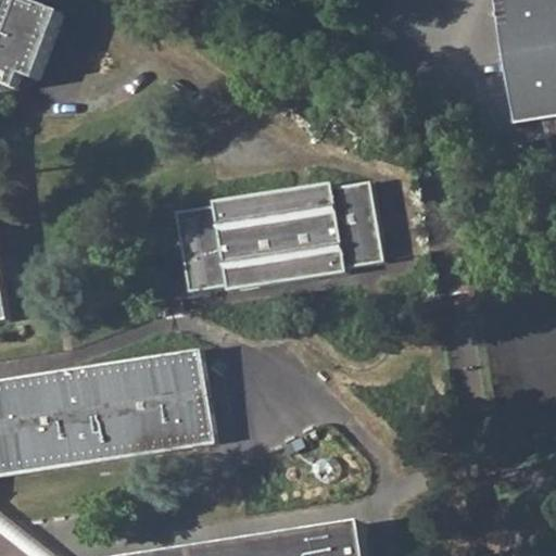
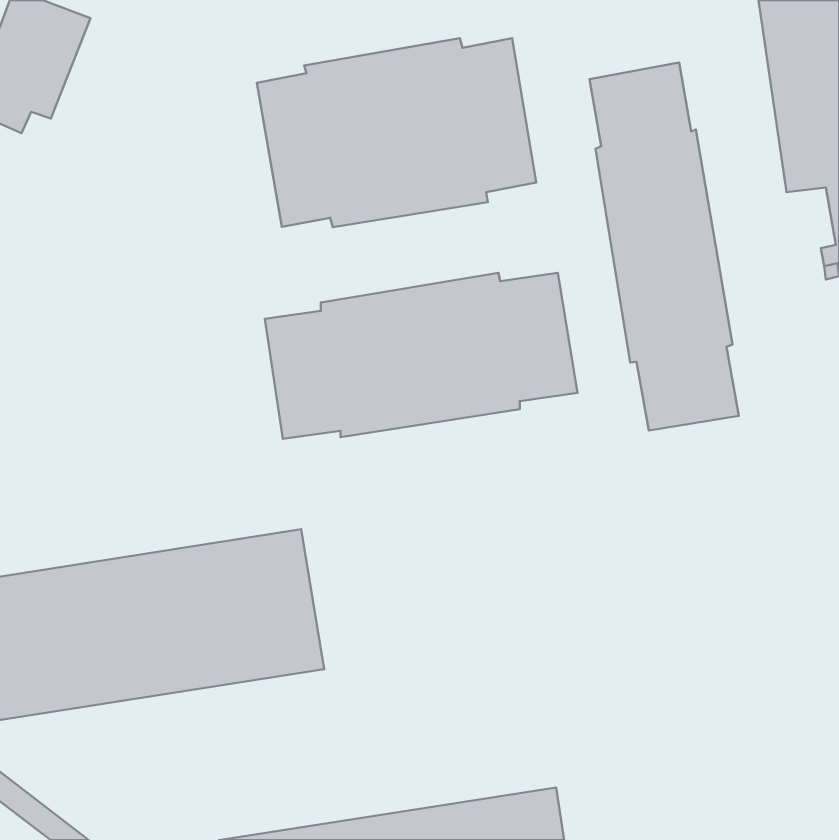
building: none -> [257,38,536,227]
building: none -> [589,63,739,431]

